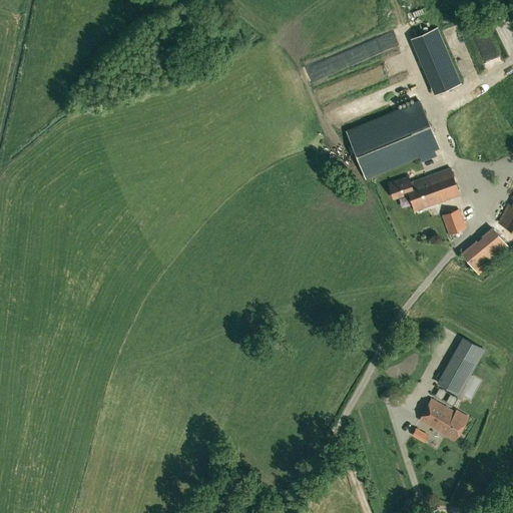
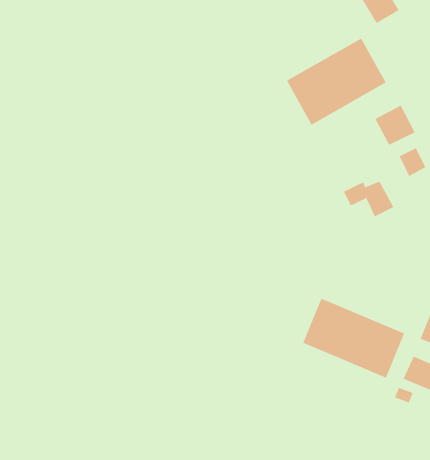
building: [388,177,433,211] -> [343,181,394,217]
building: none -> [302,298,405,378]

